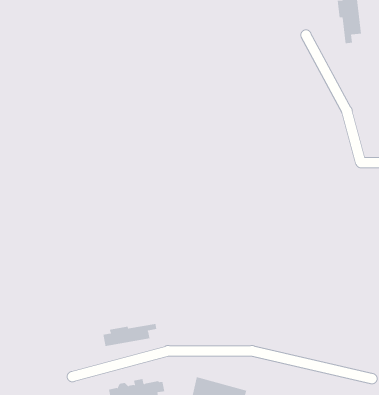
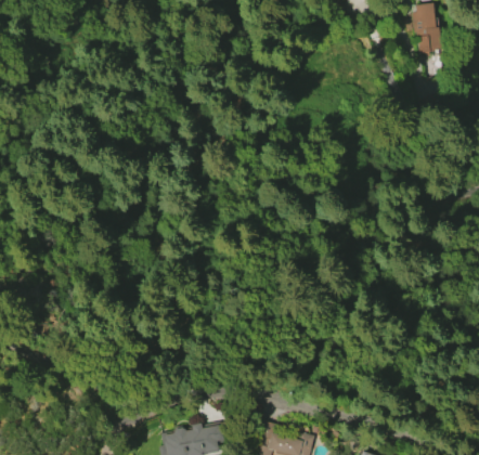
building: [103,323,157,347] -> none

